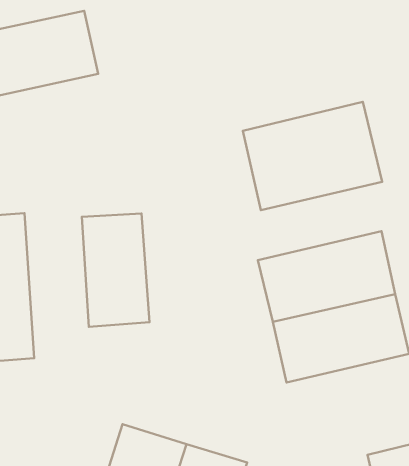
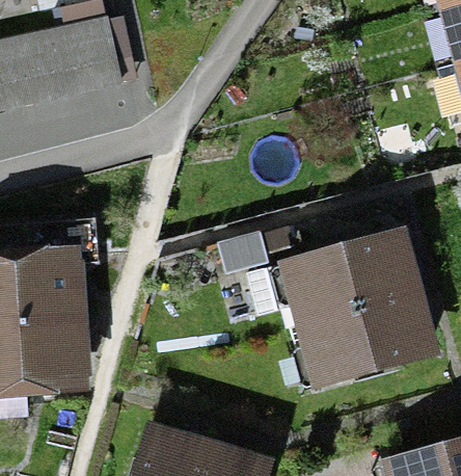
building: [243,102,382,210] -> none
building: [82,213,150,327] -> none

